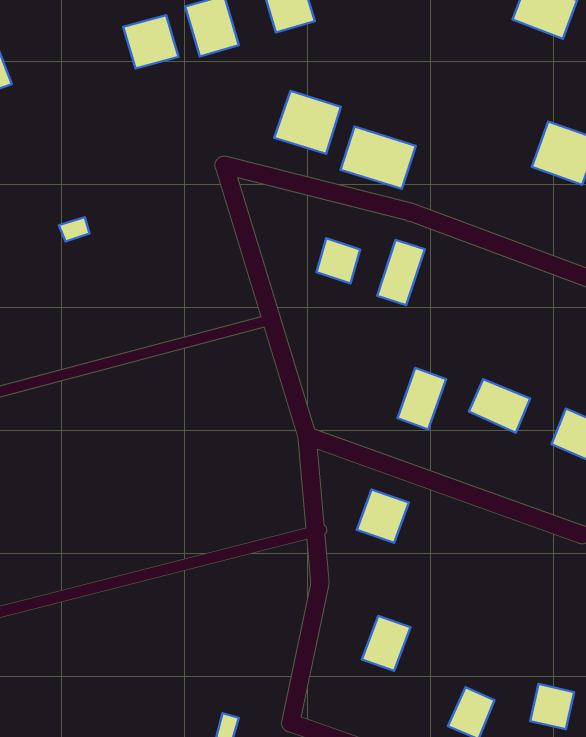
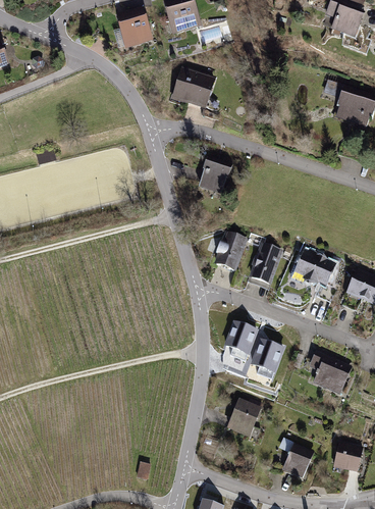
building: [123,15,178,69] -> none
building: [340,127,416,189] -> none
building: [377,240,425,305] -> none
building: none -> [215,232,246,269]
building: none -> [251,337,284,370]
building: none -> [310,353,349,392]

